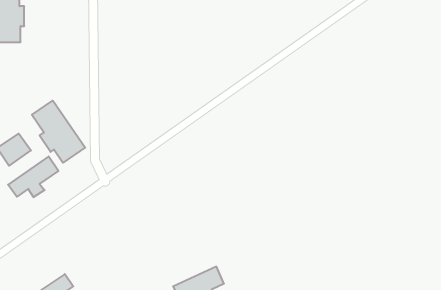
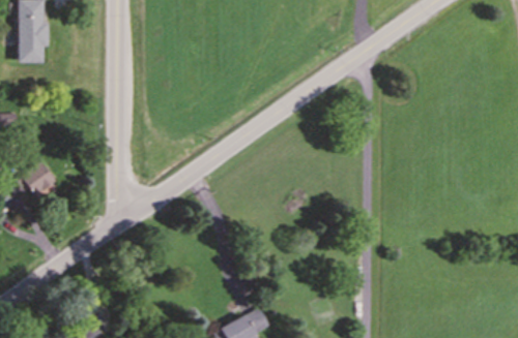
building: [32,101,85,163] -> none
building: [8,156,58,197] -> none

